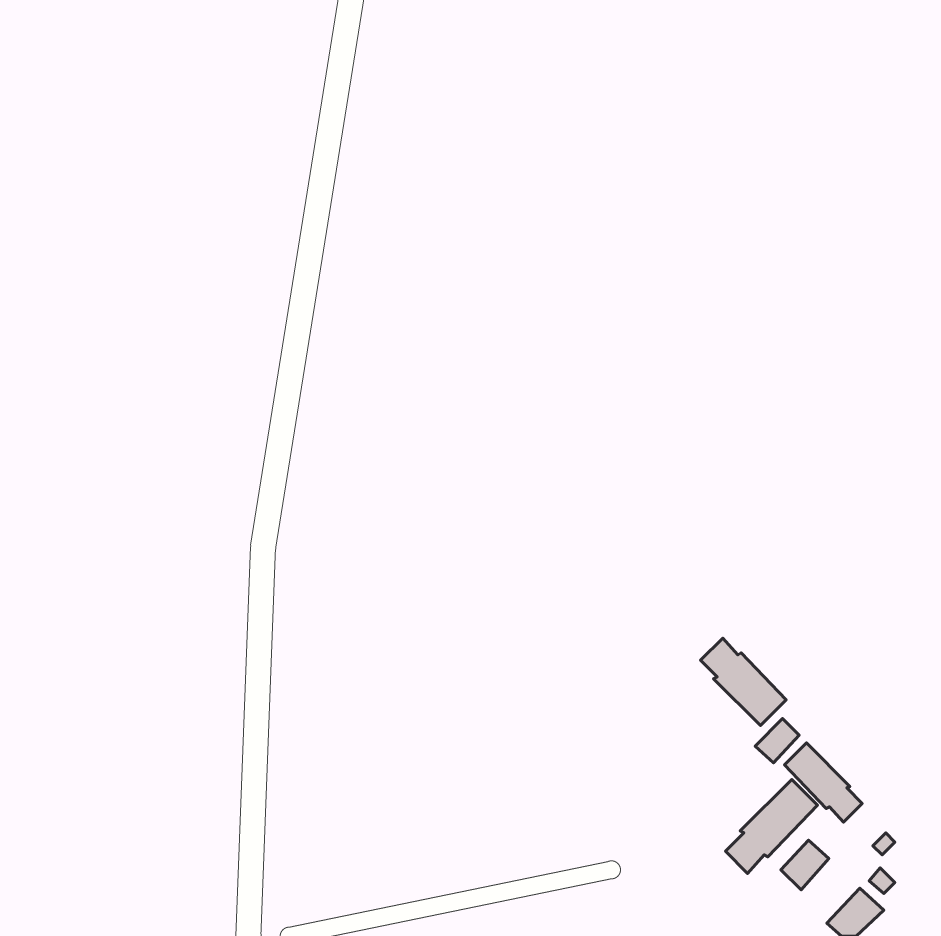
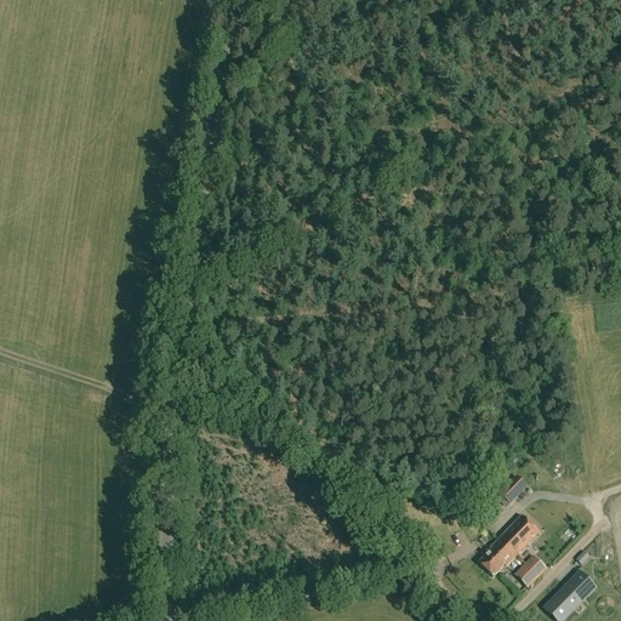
building: [701,638,786,726] -> none
building: [784,743,862,822] -> none

